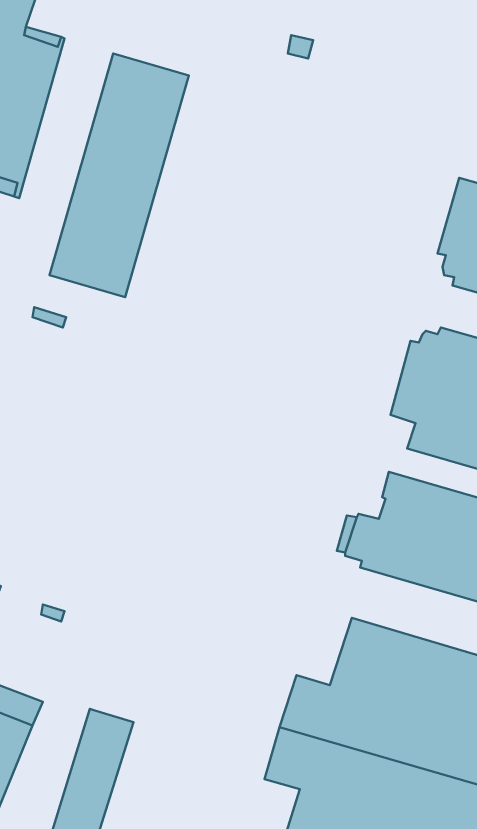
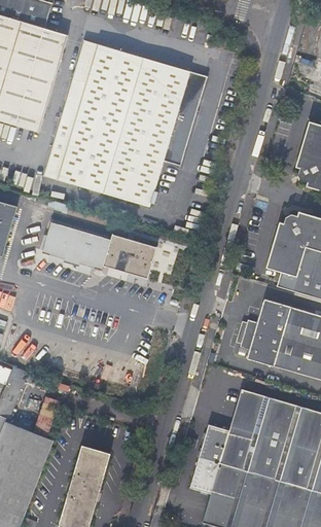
building: none -> [43,40,97,180]
building: none -> [104,58,206,207]
building: none -> [41,221,156,279]

